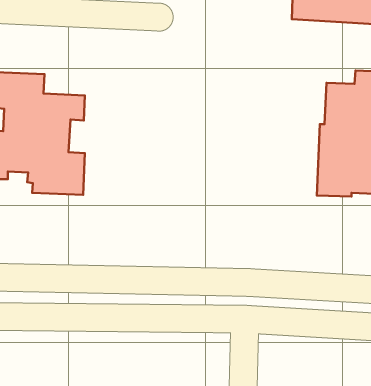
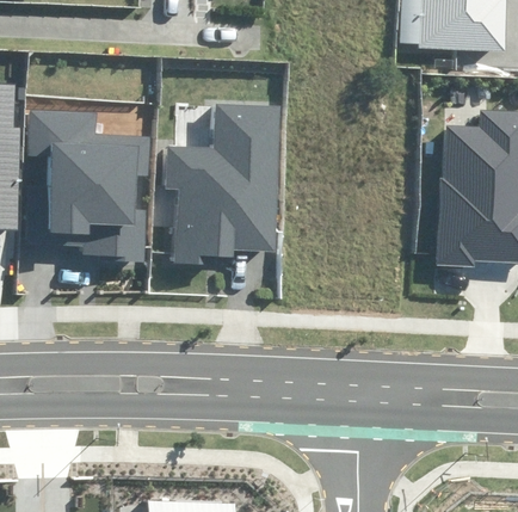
building: none -> [162,103,277,260]

